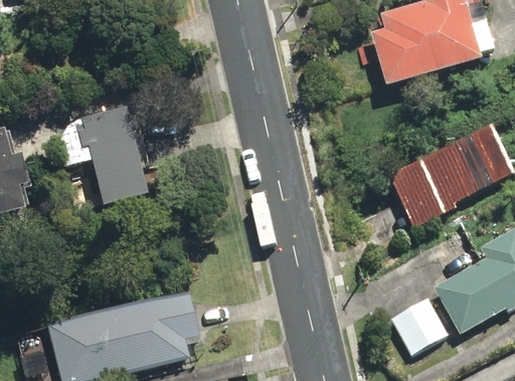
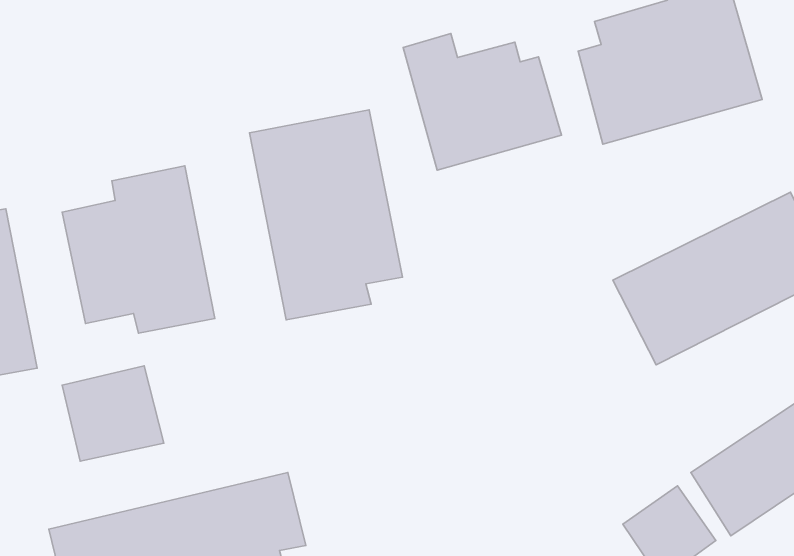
building: none -> [403,33,561,170]
building: none -> [250,110,403,320]
building: none -> [62,366,164,461]

